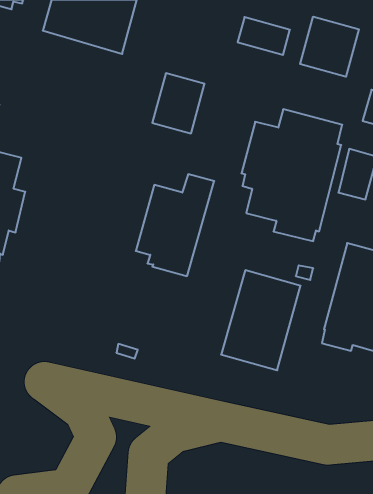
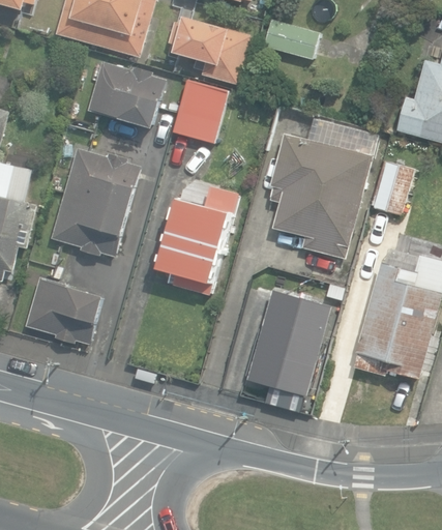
building: none -> [168,17,252,84]
building: [300,17,359,77] -> none
building: none -> [86,60,166,128]
building: none -> [49,146,140,256]
building: none -> [24,276,101,344]

